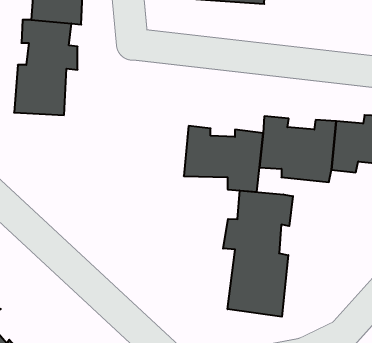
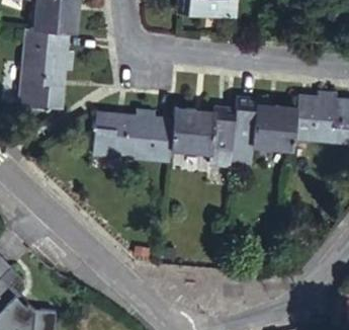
building: none -> [87,117,168,164]
building: [223,190,293,317] -> none

